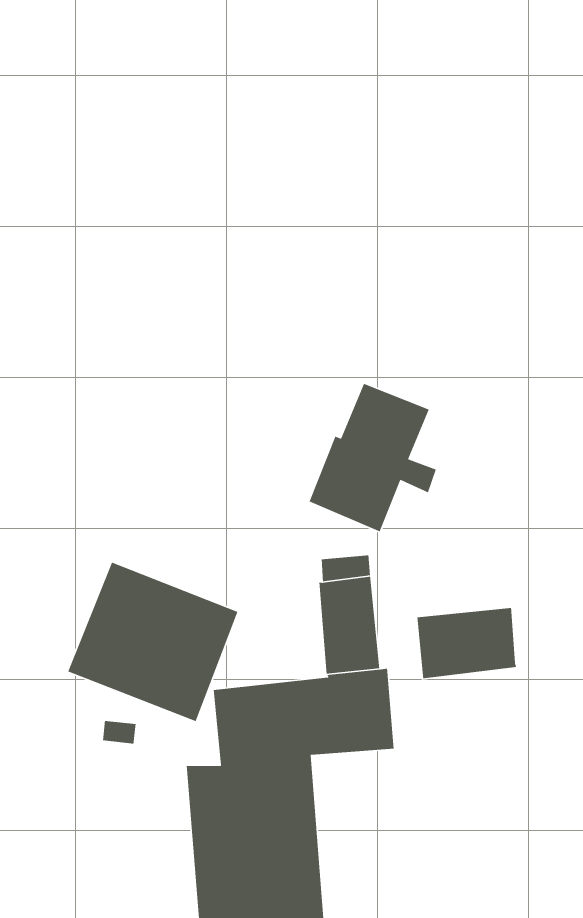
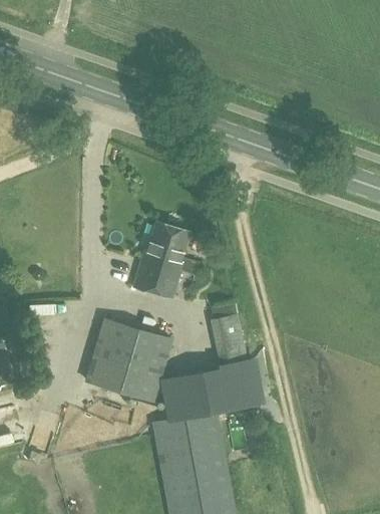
building: [309,383,437,532] -> [133,221,199,298]
building: [417,607,517,679] -> none

